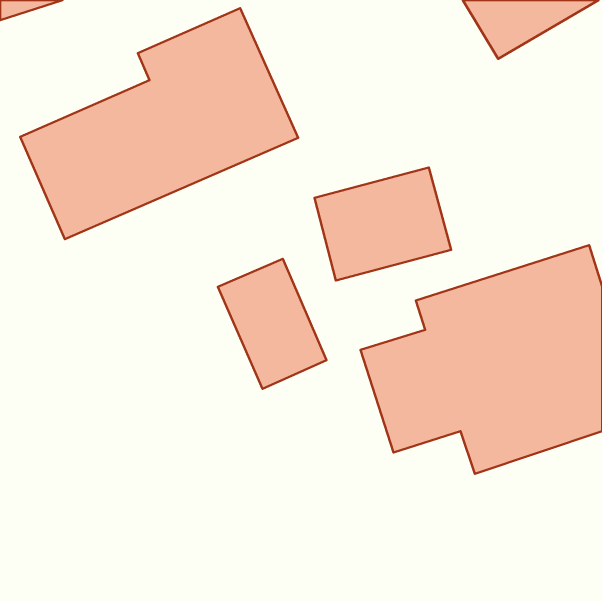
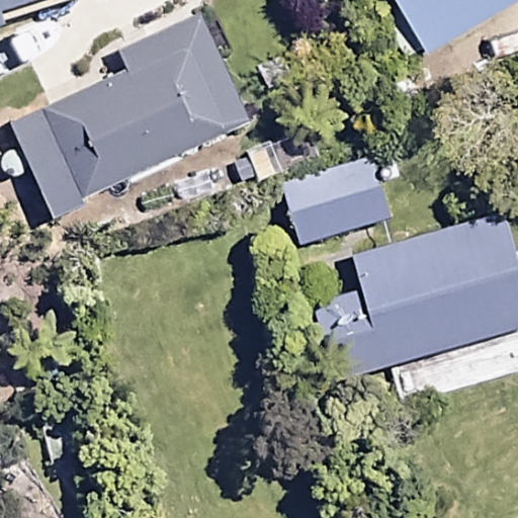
building: [218,259,327,389] -> none

